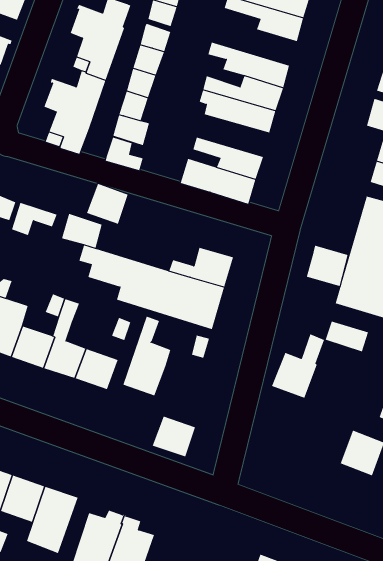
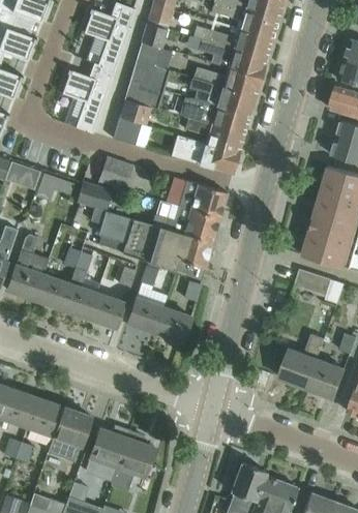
building: none -> [193,26,272,59]
building: none -> [184,97,249,134]
building: none -> [179,181,227,217]
building: [306,245,348,287] -> none
building: [271,333,325,399] -> [279,334,324,388]
building: [152,416,196,457] -> [154,307,190,341]

